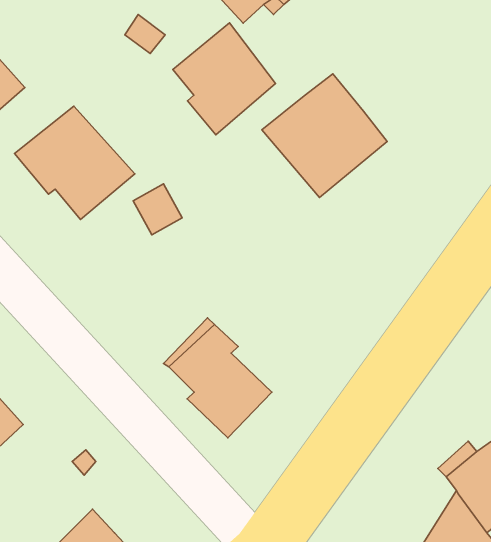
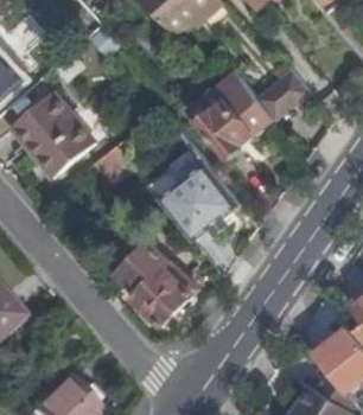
building: [173,23,276,135] -> none
building: none -> [256,70,312,121]
building: none -> [157,158,241,242]

